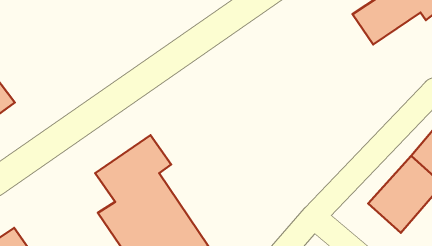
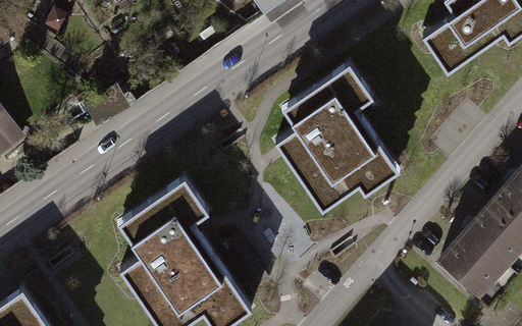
building: none -> [276,64,400,210]

